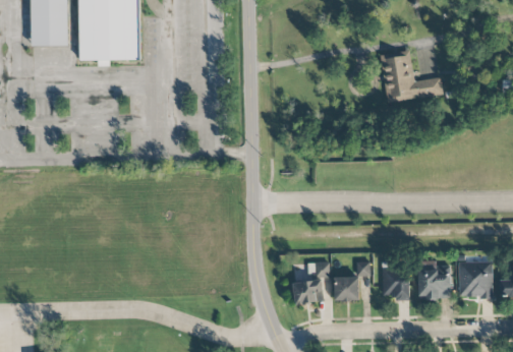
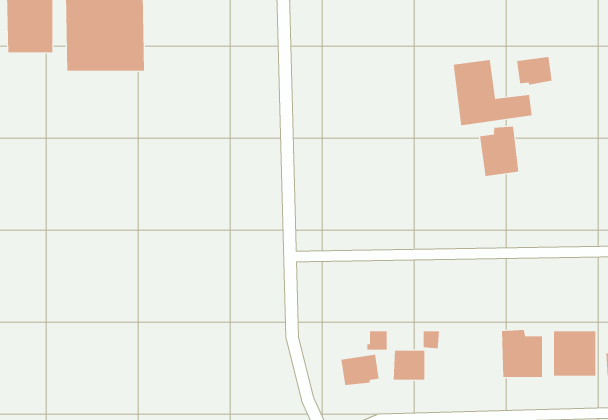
building: none -> [517,56,552,86]
building: none -> [480,126,519,177]
building: [381,265,409,299] -> none

